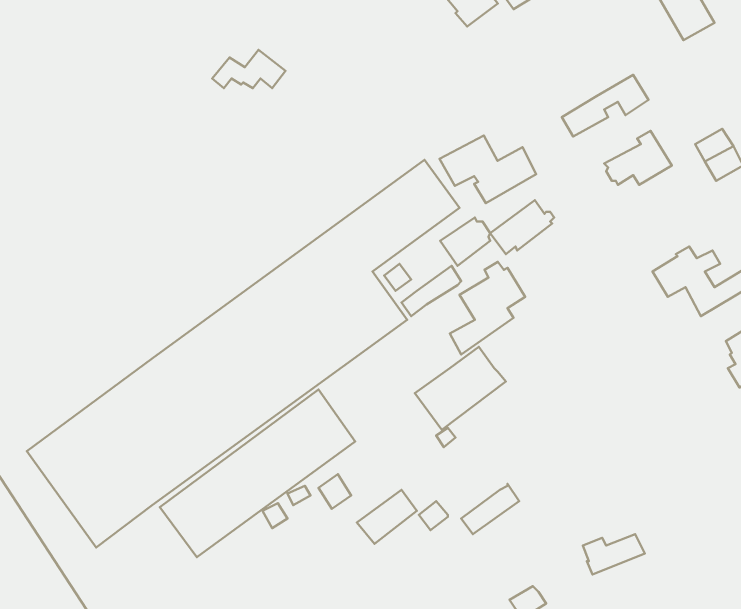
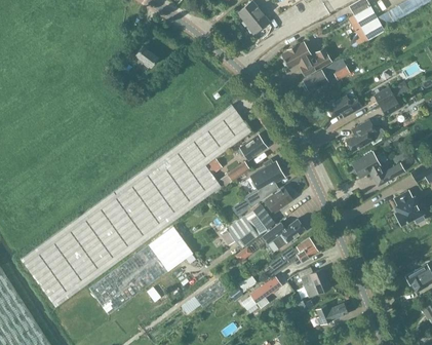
building: [440,136,536,203] -> [281,41,332,77]
building: none -> [346,119,383,151]
building: [490,200,554,254] -> [260,186,293,215]
building: none -> [262,218,306,248]
building: none -> [267,238,318,279]
building: none -> [299,267,330,297]

